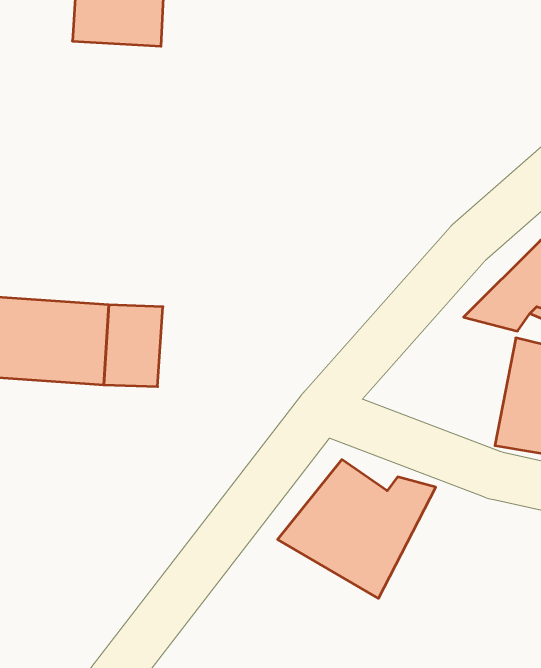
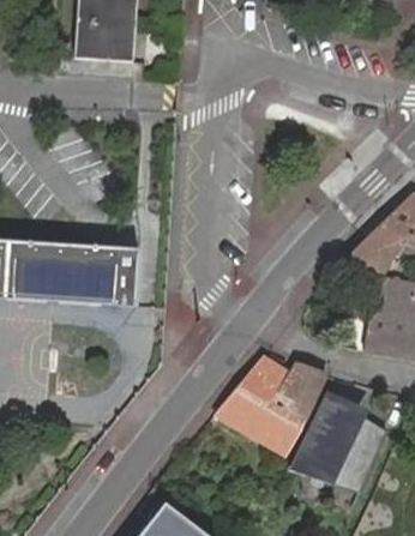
building: none -> [293,392,384,492]

